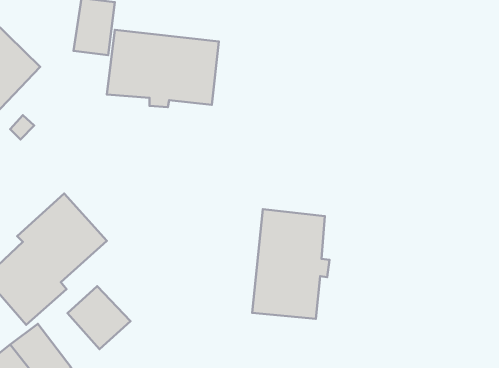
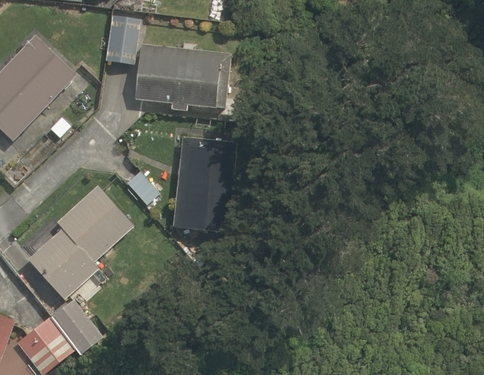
building: [252,209,330,319] -> [173,136,240,231]
building: [67,286,130,349] -> none

